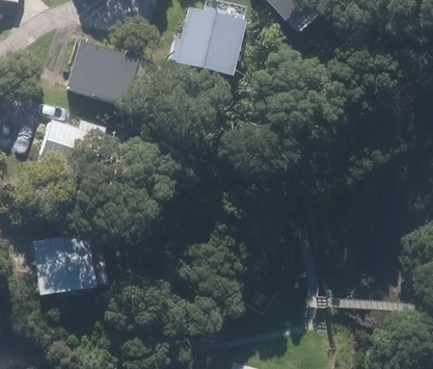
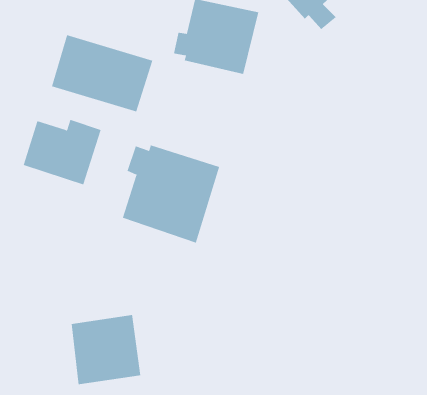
building: none -> [122,145,220,243]
building: [27,231,89,293] -> [71,314,141,385]

